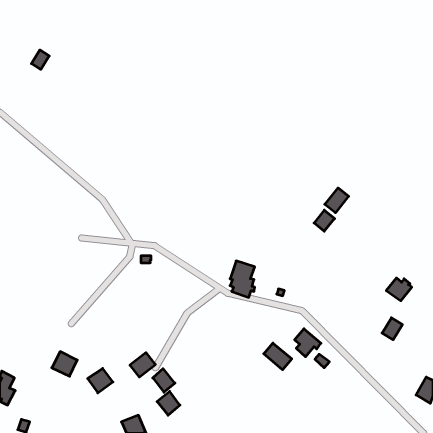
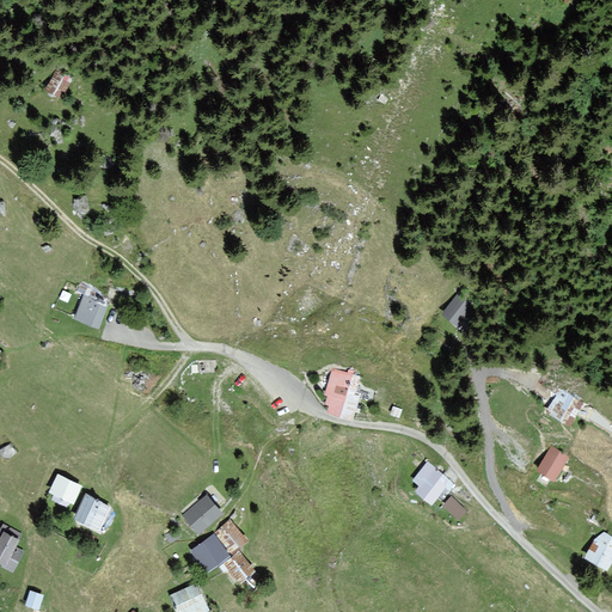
building: [325,188,349,213] -> none
building: none -> [75,292,108,328]
building: none -> [49,475,80,507]
building: [264,343,292,370] -> none
building: [88,368,113,393] -> [191,537,227,571]

